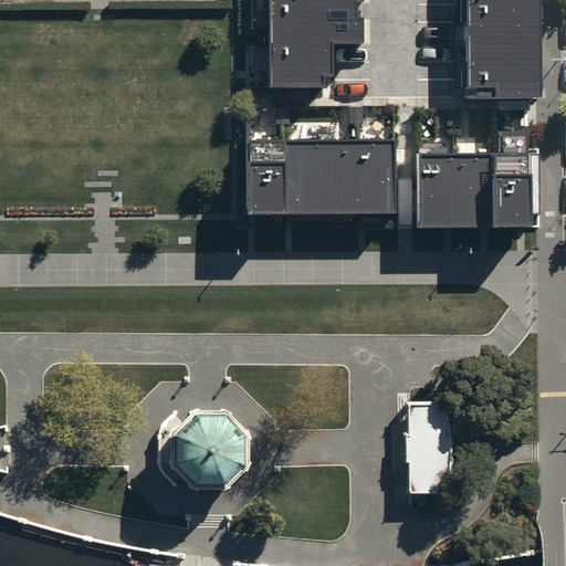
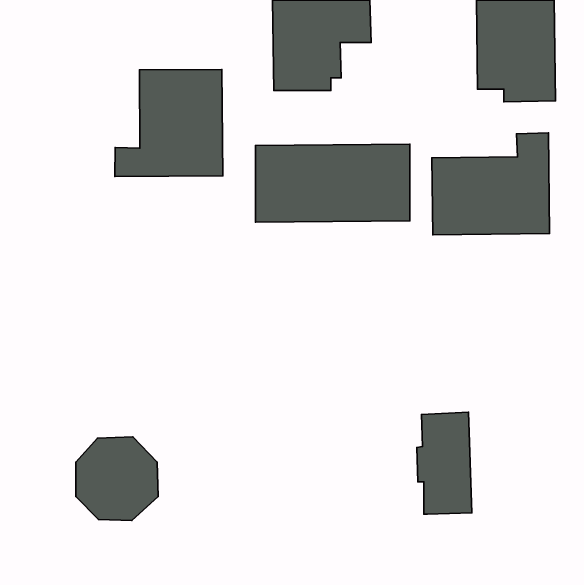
building: none -> [115,69,223,177]
building: [169,411,249,492] -> [76,437,158,520]

